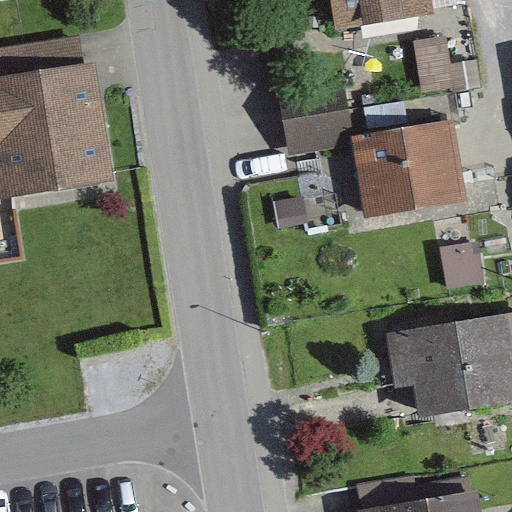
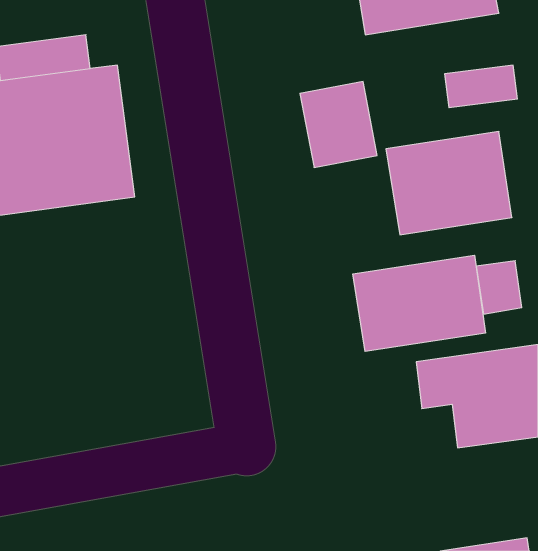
building: none -> [353,255,485,351]

